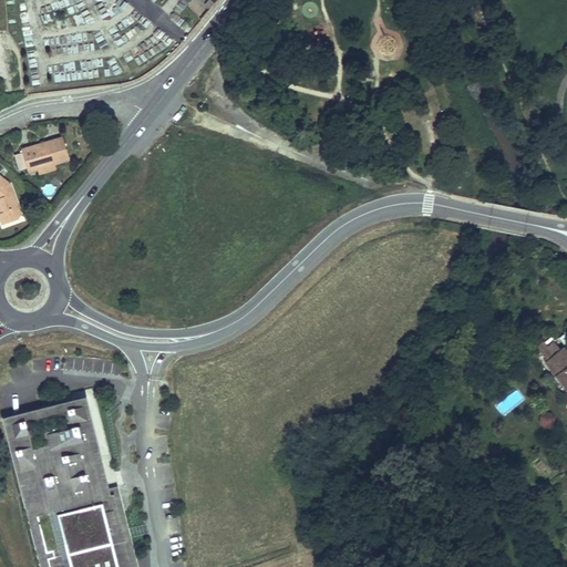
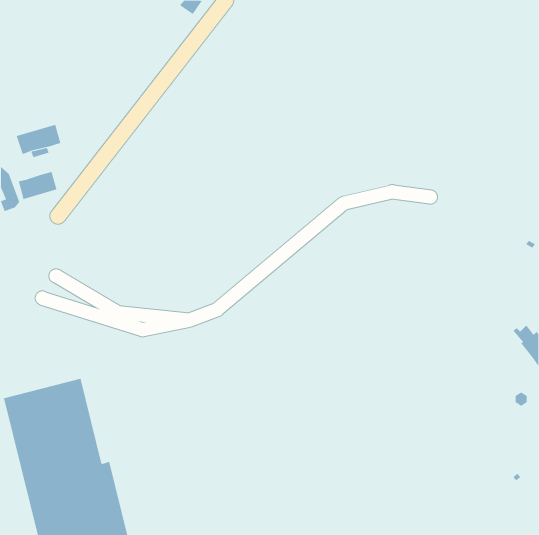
building: none -> [18,171,57,200]

